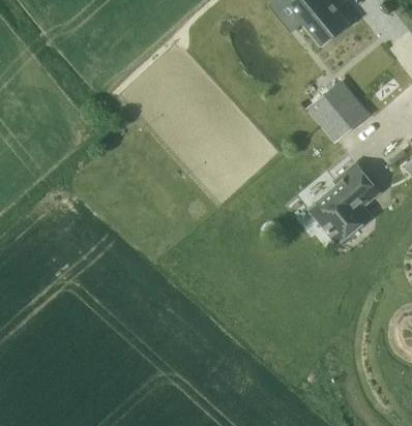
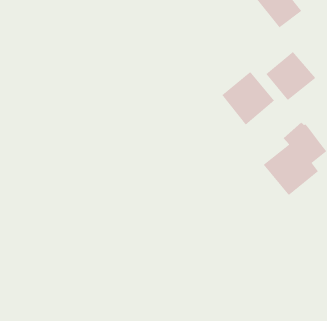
building: none -> [221,71,275,126]

